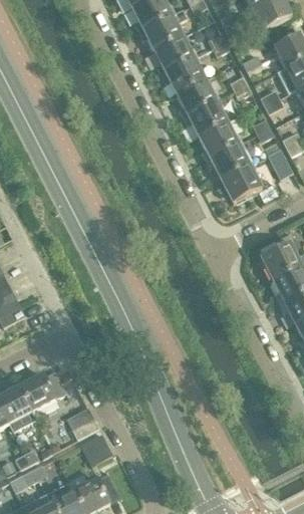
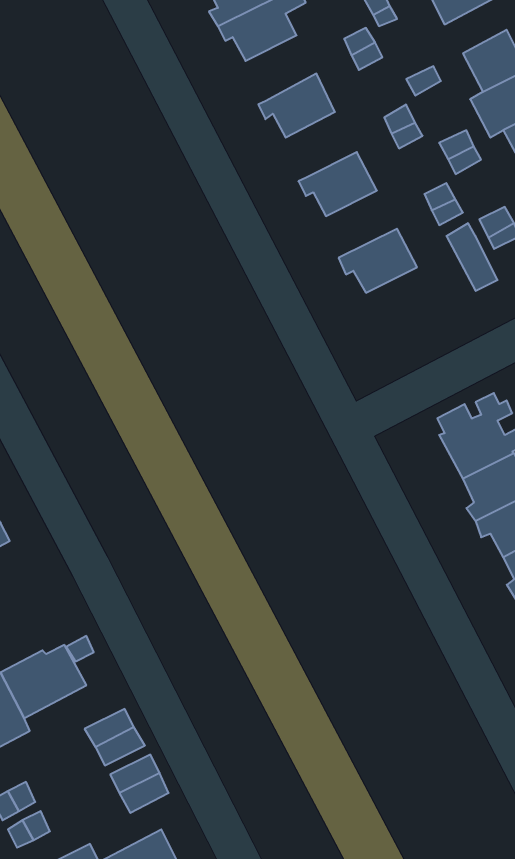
building: [155,36,194,74] -> none
building: [177,78,216,116] -> none
building: [199,121,238,159] -> none
building: [221,164,261,203] -> none

